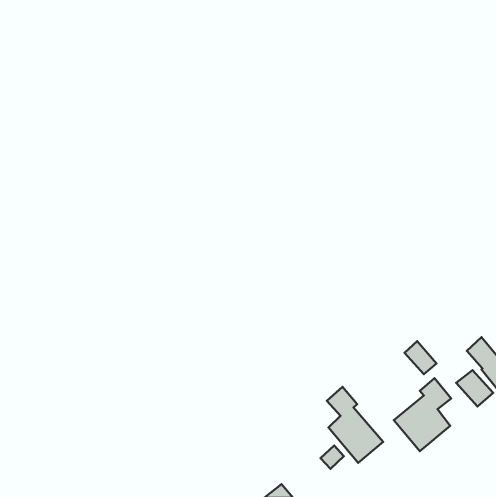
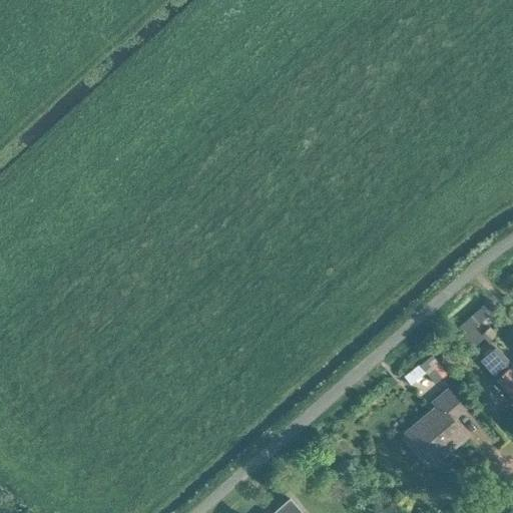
building: none -> [455,302,496,350]
building: [327,387,383,463] -> none

